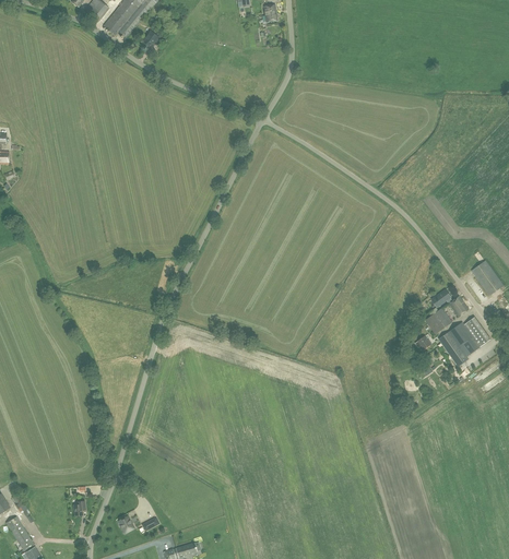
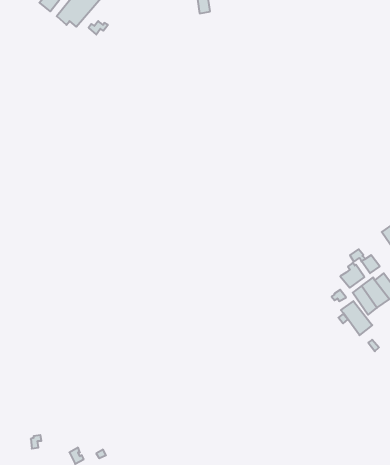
building: none -> [341,301,372,335]

